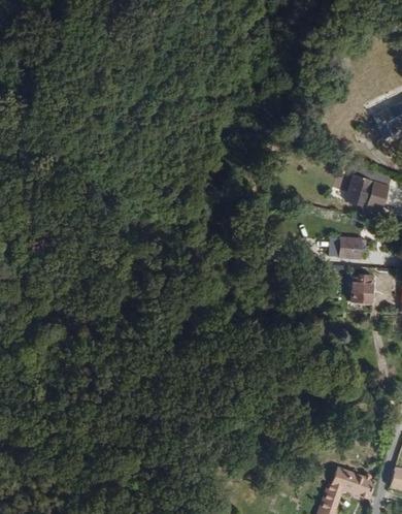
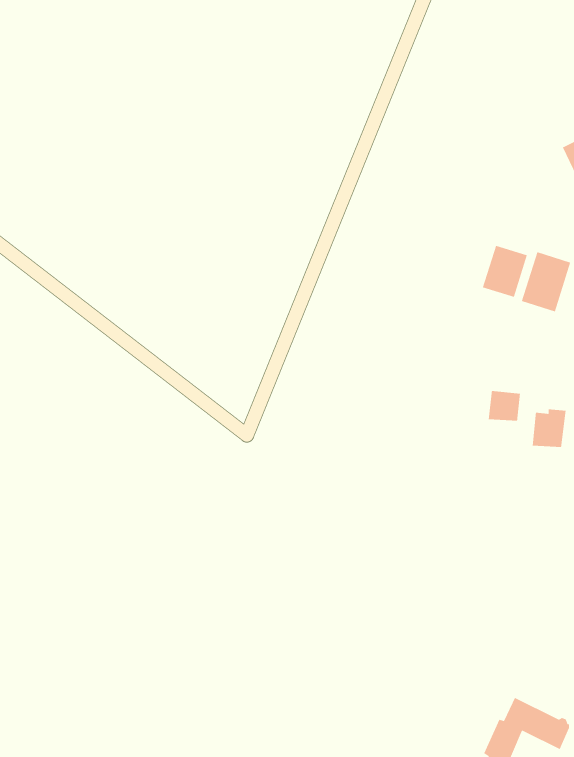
building: none -> [482,245,528,298]
building: [341,238,363,259] -> [488,390,521,422]

